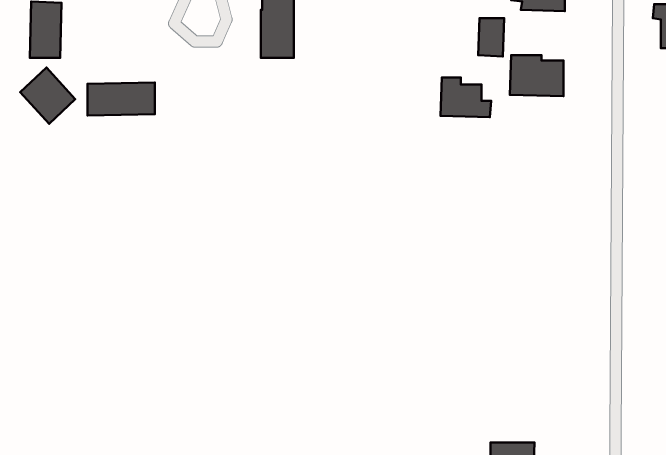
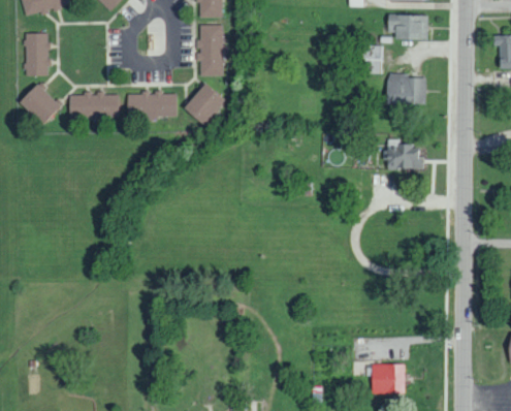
building: none -> [183,83,225,125]
building: [440,77,491,117] -> [386,139,424,169]
building: none -> [127,93,177,118]

